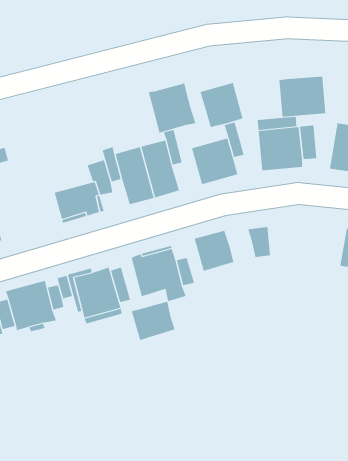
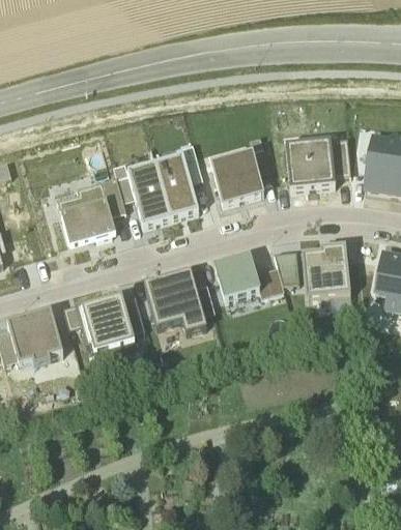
building: [279,76,326,117] -> none
building: [200,82,243,128] -> none
building: [148,83,196,133] -> none
building: none -> [57,182,103,212]
building: none -> [300,244,350,298]
building: none -> [255,266,284,296]
building: [131,301,175,341] -> none

